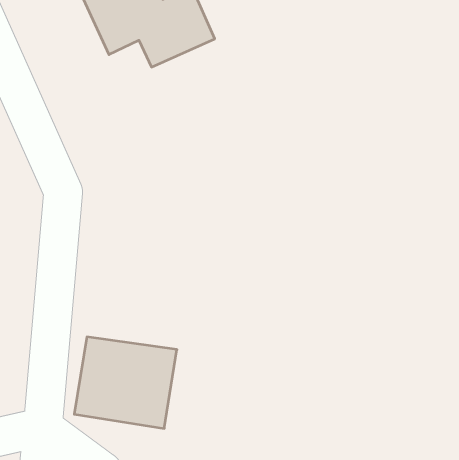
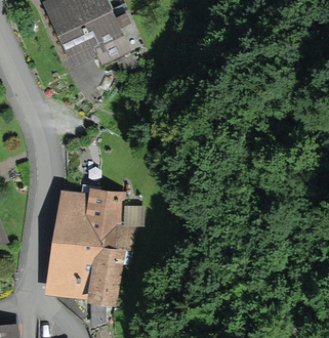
building: none -> [59,191,131,248]

